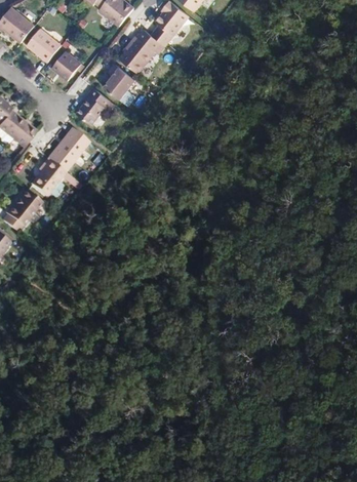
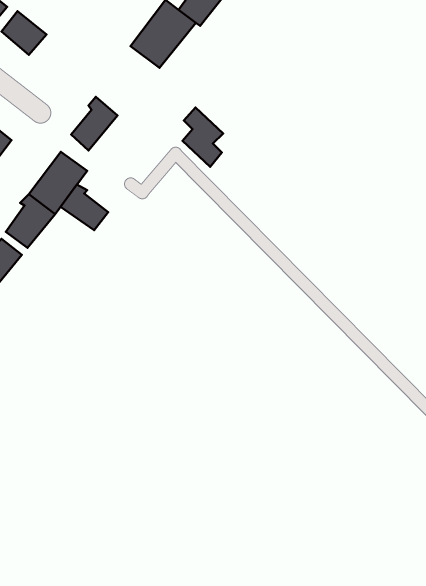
building: [52,51,81,80] -> none
building: [106,66,134,108] -> [182,107,223,167]
building: none -> [61,184,108,230]

